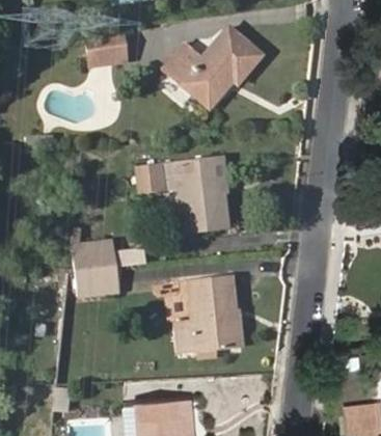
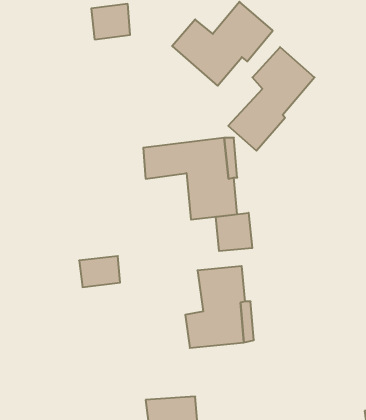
building: none -> [228,47,315,151]
building: none -> [216,213,252,251]
building: [74,241,113,271] -> none

